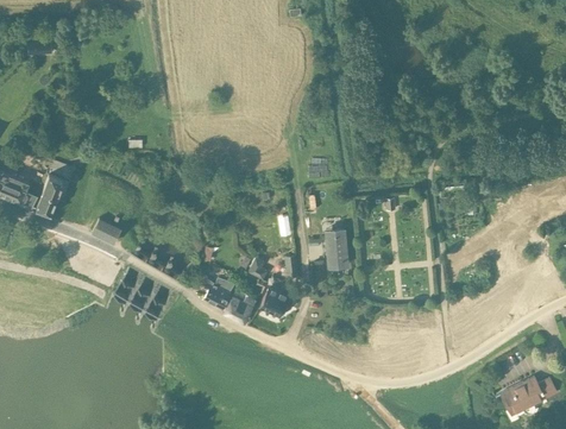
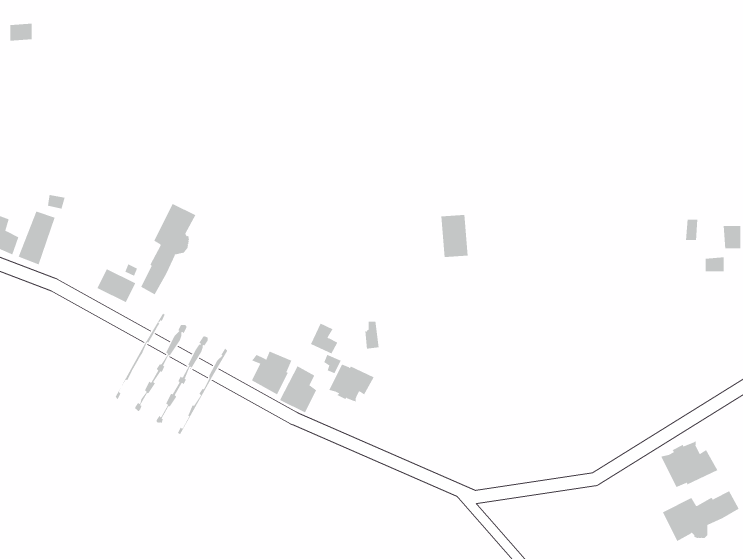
building: none -> [140,203,196,295]
building: [326,234,346,265] -> [441,215,468,257]
building: none -> [660,439,718,488]

